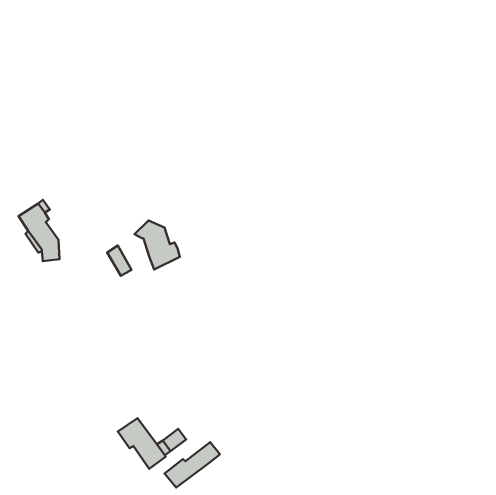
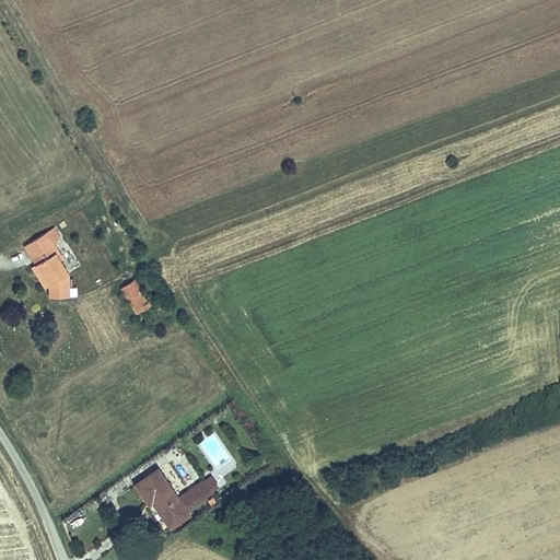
building: [134,220,180,269] -> none
building: [164,442,220,488] -> none

